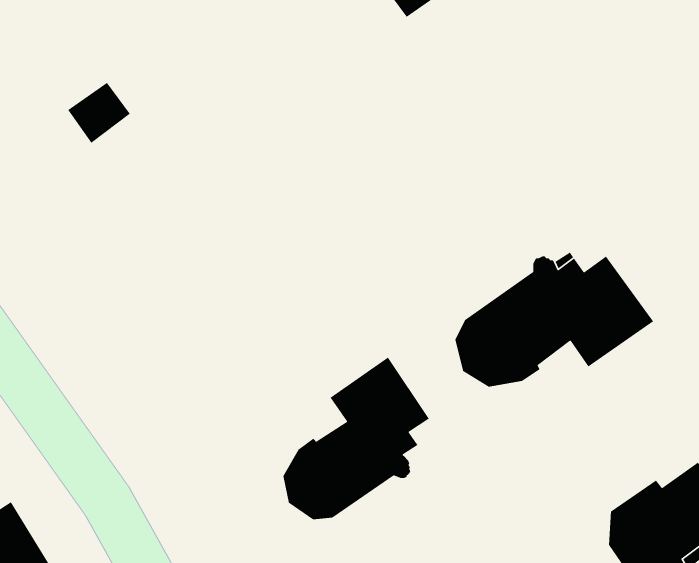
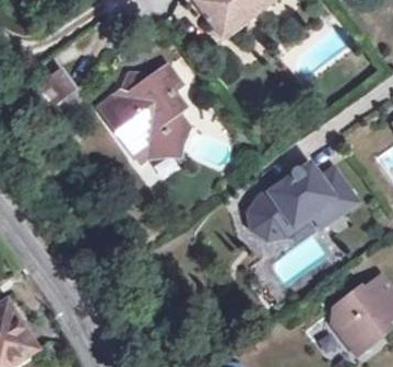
building: none -> [99,64,190,154]
building: [282,357,430,520] -> none

